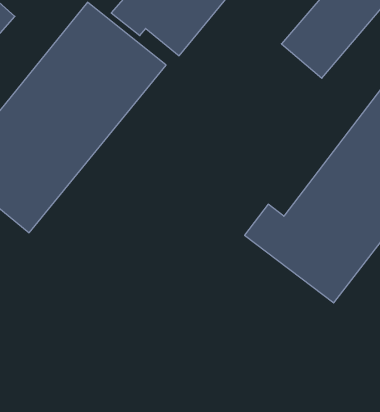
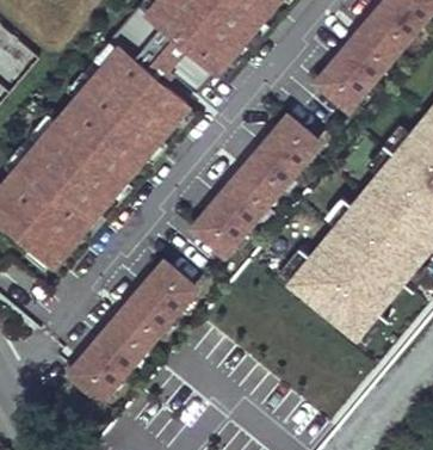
building: none -> [187,107,327,259]
building: none -> [72,254,202,395]

